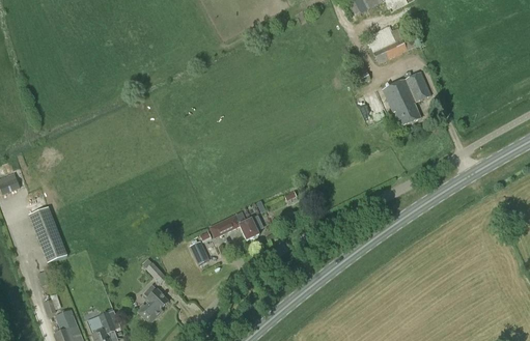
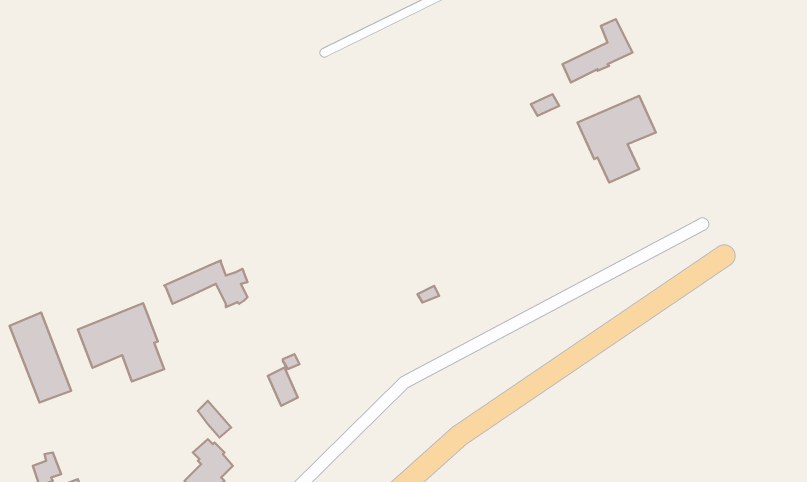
building: none -> [78,303,164,382]
building: [206,210,258,239] -> [164,261,247,307]

